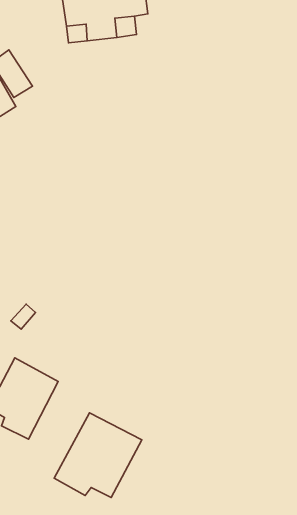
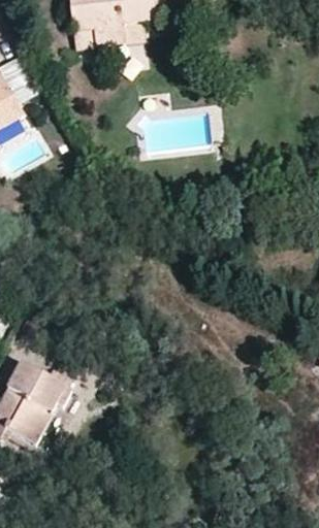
building: [54,413,142,497] -> none

